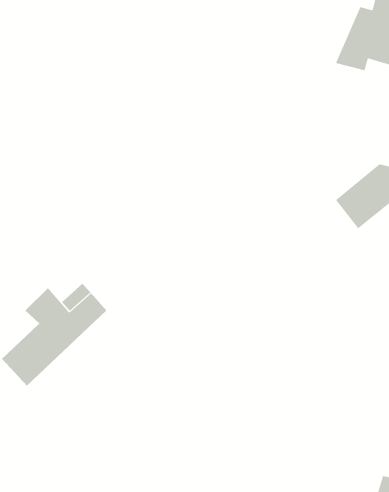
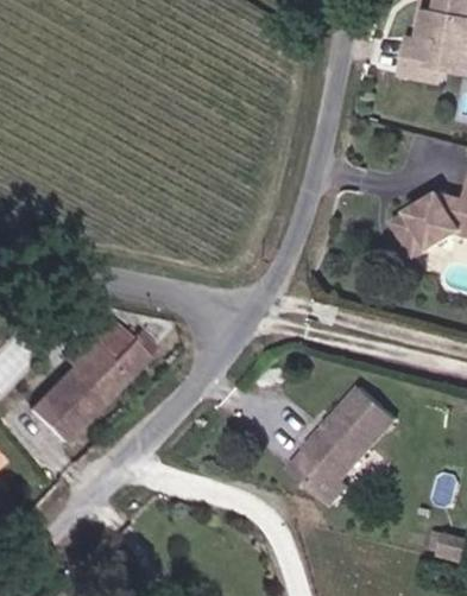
building: none -> [289,388,397,505]

